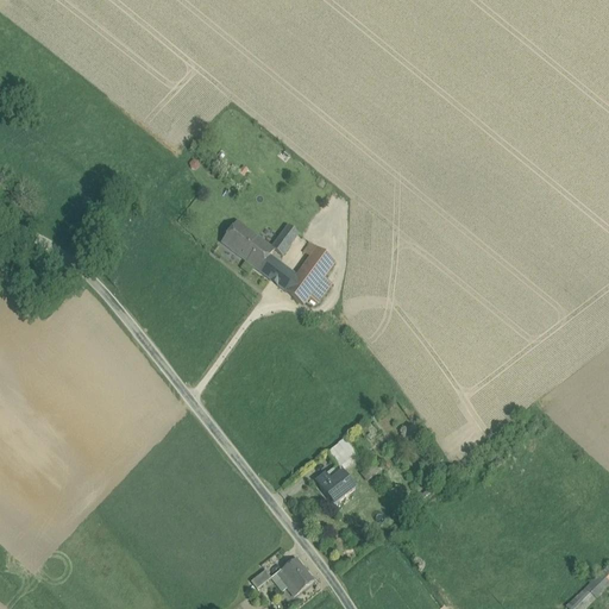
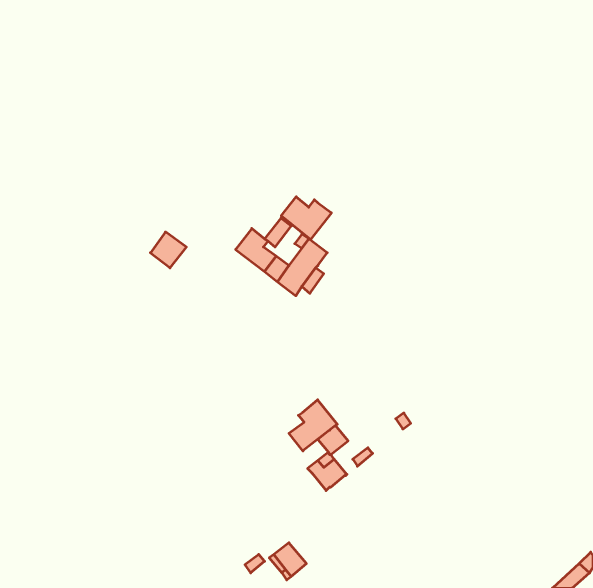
building: none -> [281,197,331,239]
building: [221,219,258,256] -> [150,232,186,268]
building: none -> [289,400,337,451]

